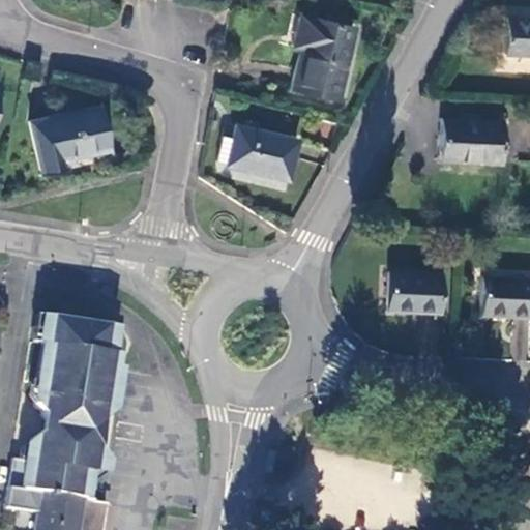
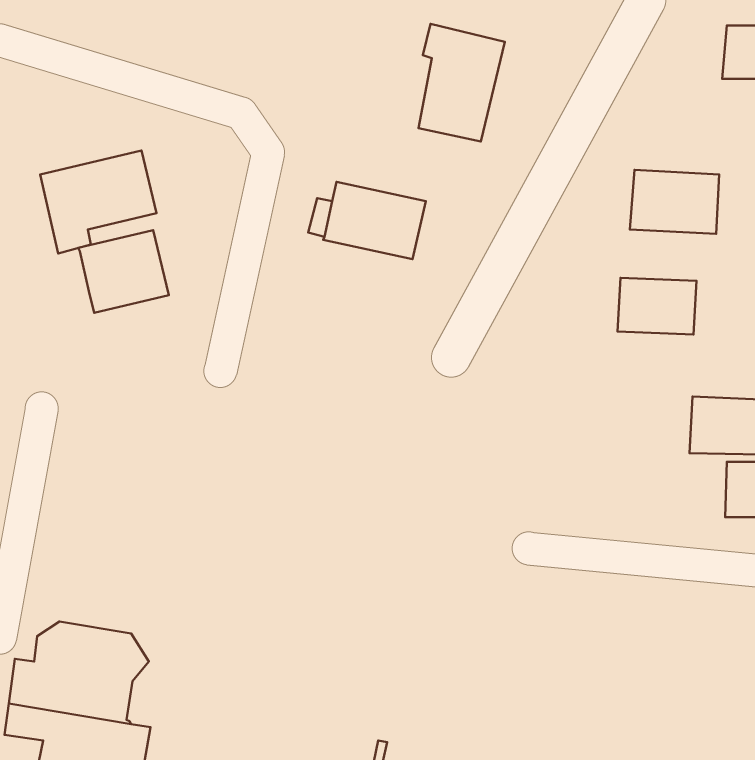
building: none -> [78,230,169,313]
building: [389,273,444,313] -> [618,278,697,334]
building: [37,319,120,441] -> none

